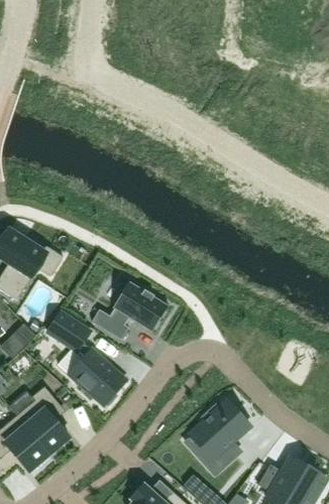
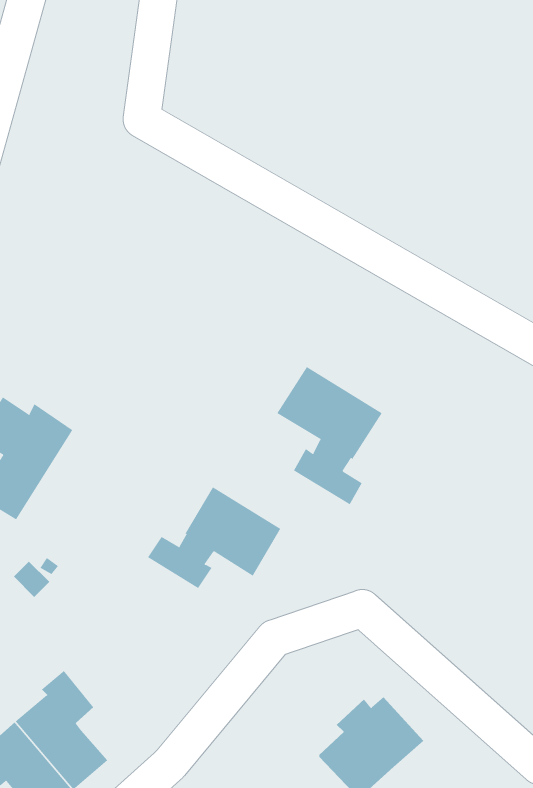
building: none -> [276,366,383,505]
building: [47,313,127,408] -> none

